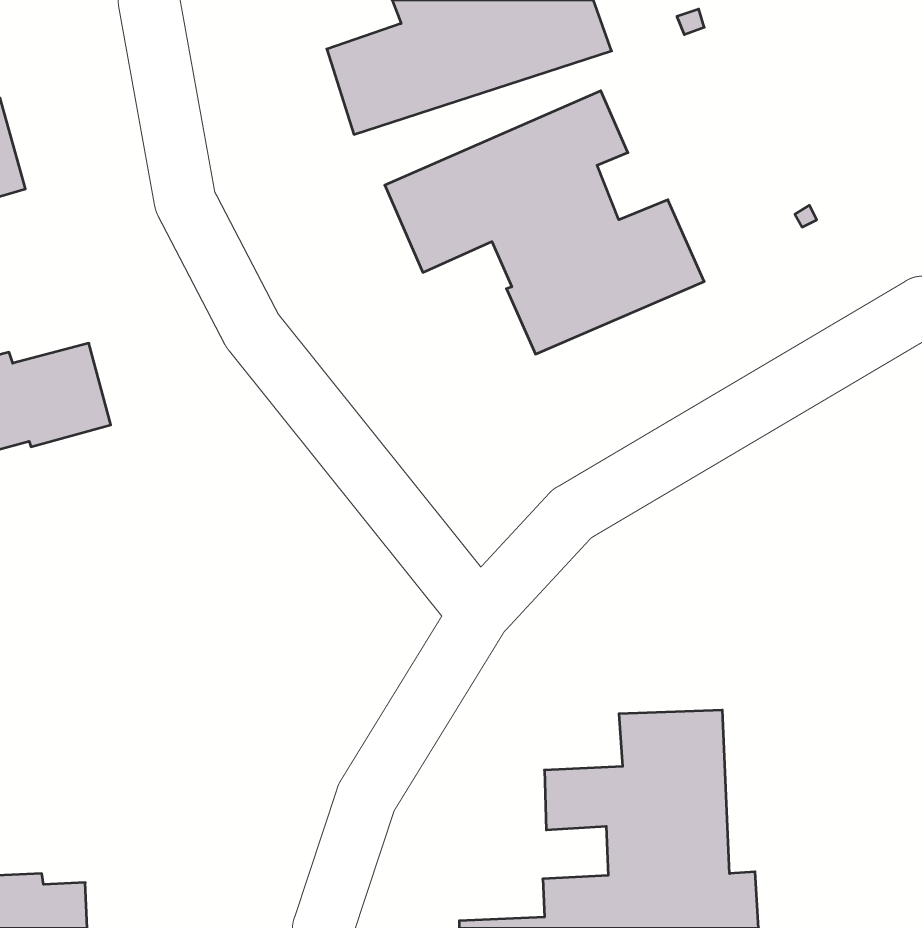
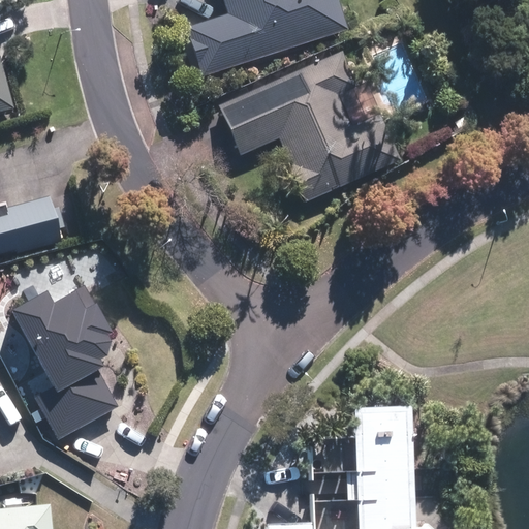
building: none -> [9,289,118,446]

